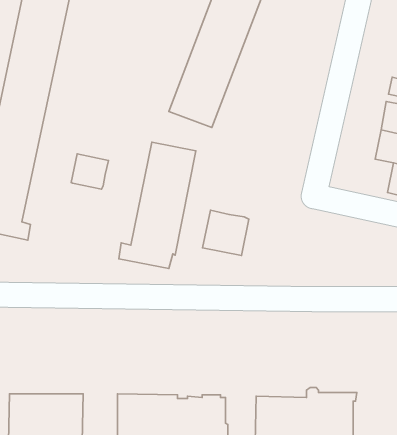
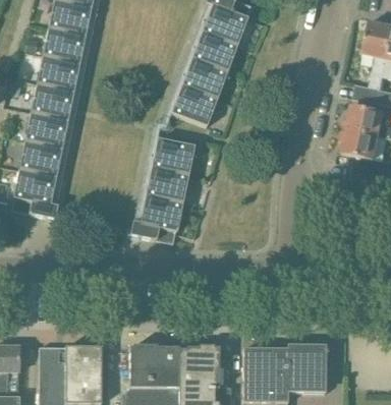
building: [71,154,108,189] -> none
building: [203,210,249,255] -> none

